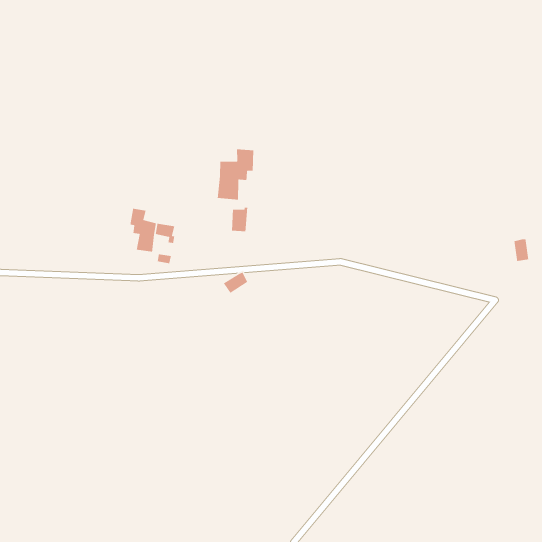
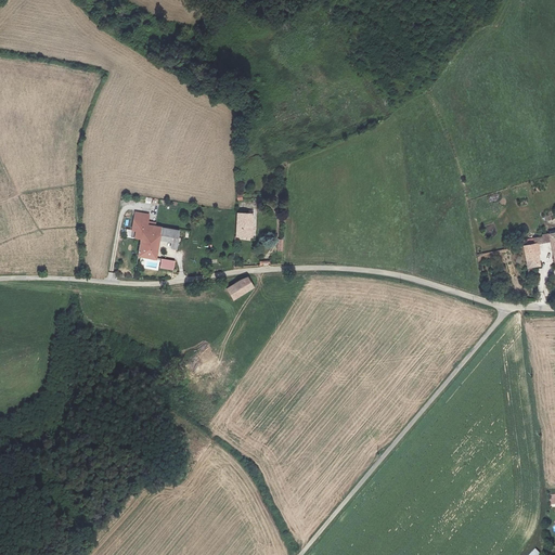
building: [217,149,254,200] -> none

